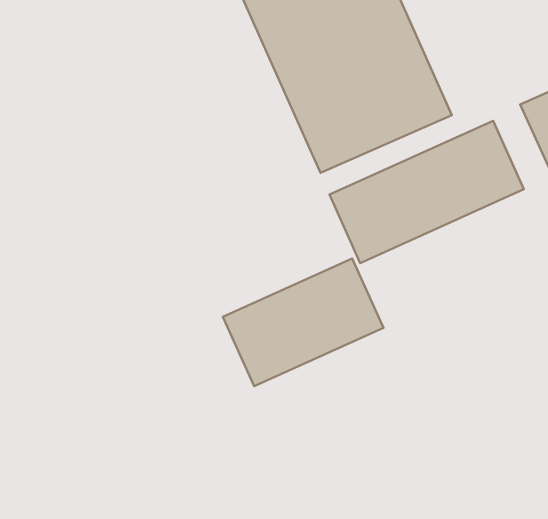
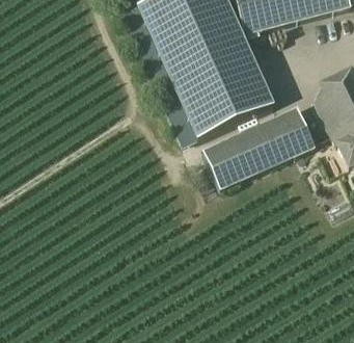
building: [223,259,383,386] -> none

